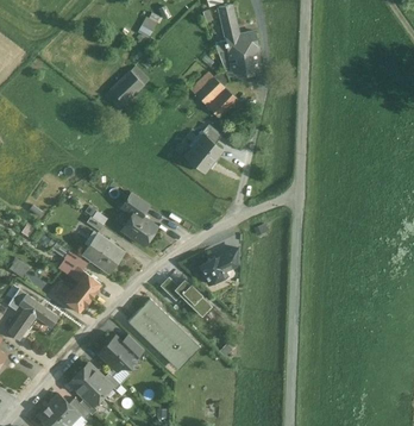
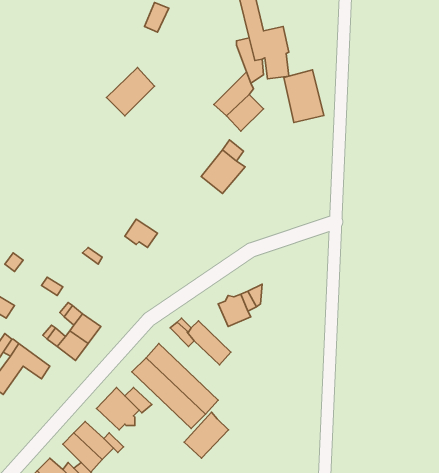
building: none -> [284,70,324,122]
building: [125,212,156,245] -> none
building: [82,232,124,272] -> none
building: none -> [184,412,229,458]

